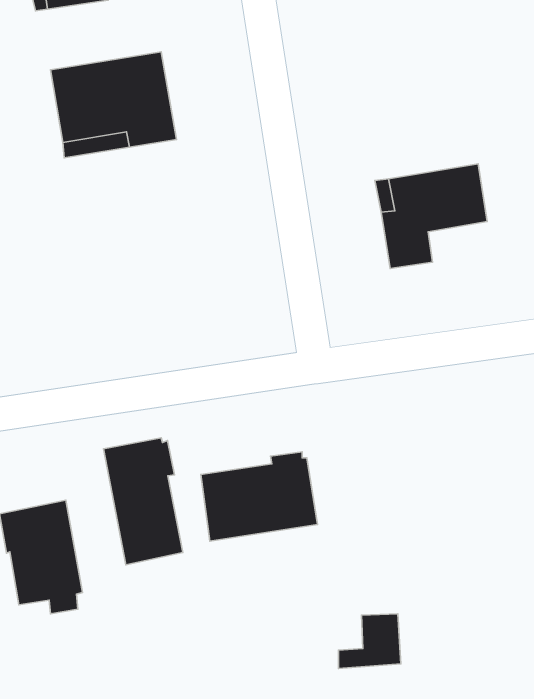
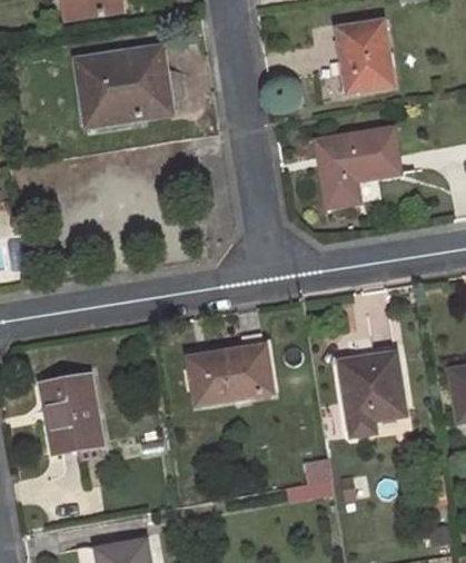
building: none -> [338,21,394,91]
building: [104,438,183,565] -> none
building: none -> [338,352,405,436]

